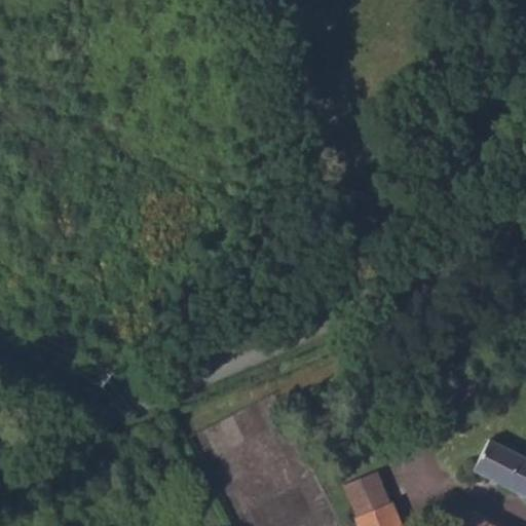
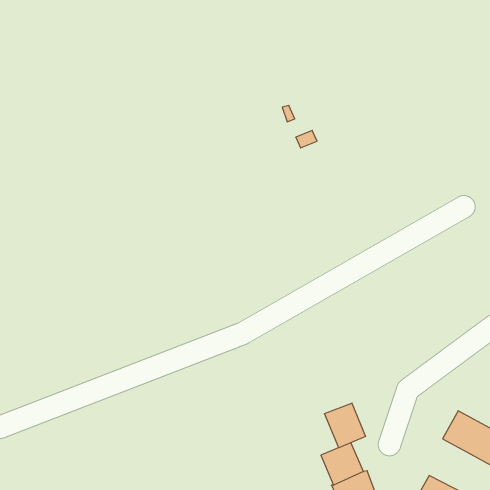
building: none -> [324,403,366,448]

